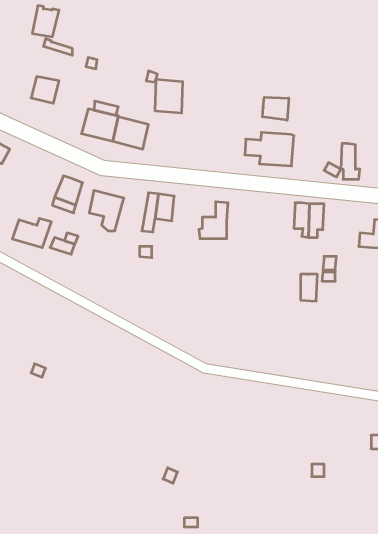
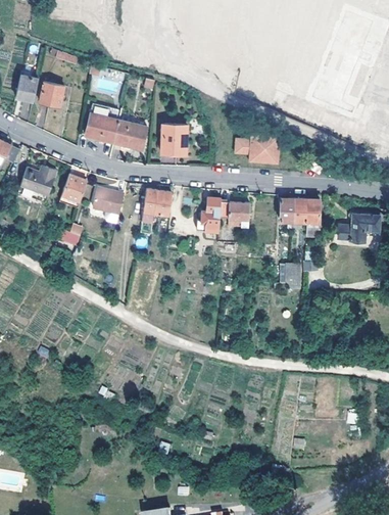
building: [32,6,59,37] -> [15,72,40,100]
building: [155,79,183,113] -> [160,124,186,154]
building: [263,97,289,120] -> none
building: [341,144,360,179] -> [305,199,323,232]
building: none -> [217,200,248,225]
building: [12,219,51,248] -> [20,167,56,193]

